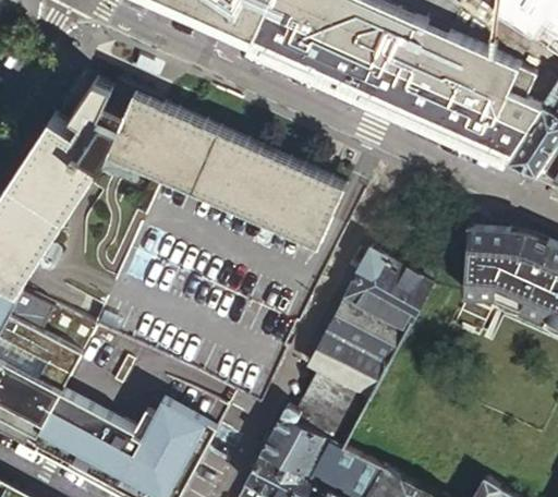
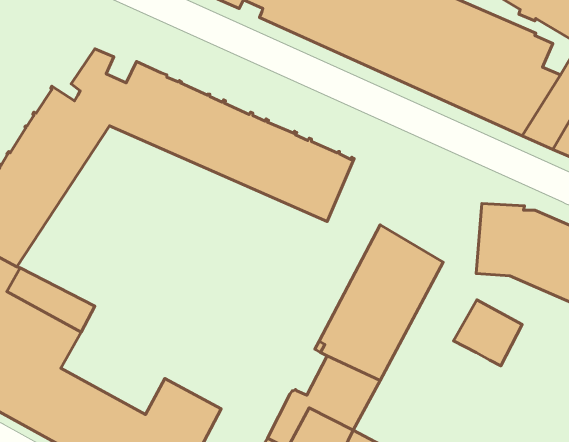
building: none -> [454,300,522,366]

